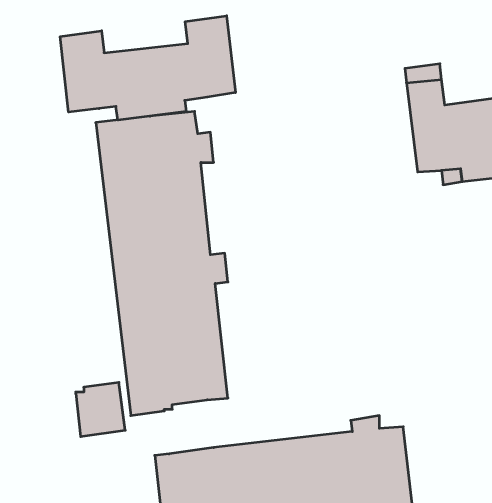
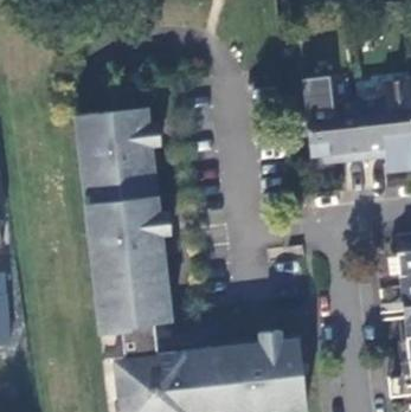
building: [60,16,235,120] -> none
building: [76,382,125,437] -> [123,321,160,361]

